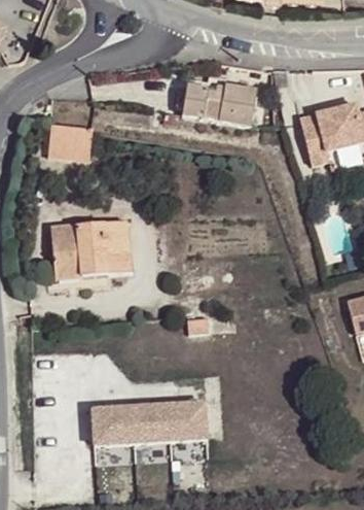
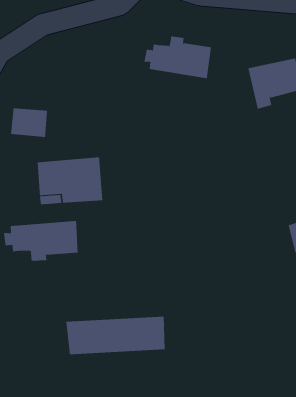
building: [48,123,93,158] -> [10,108,48,138]
building: none -> [4,220,78,262]

